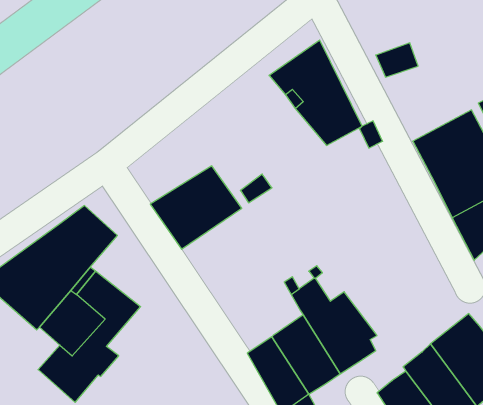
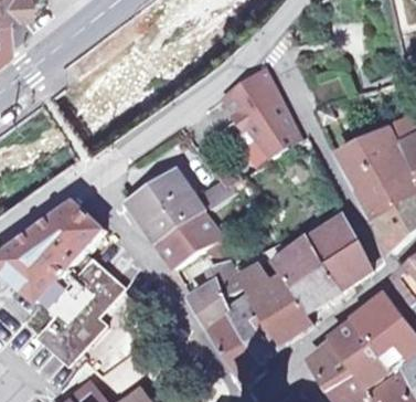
building: none -> [152,207,222,266]
building: none -> [276,213,369,309]
building: none -> [189,257,242,324]

